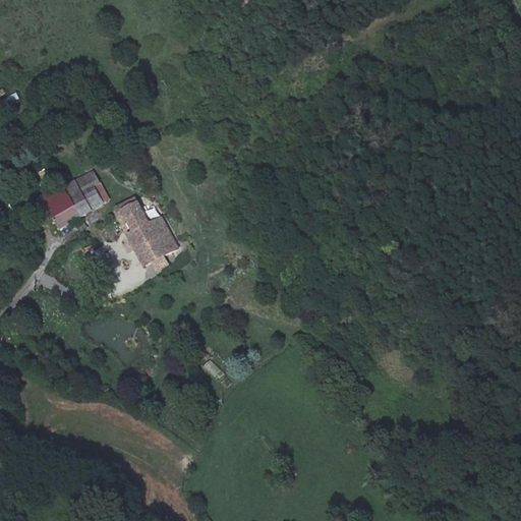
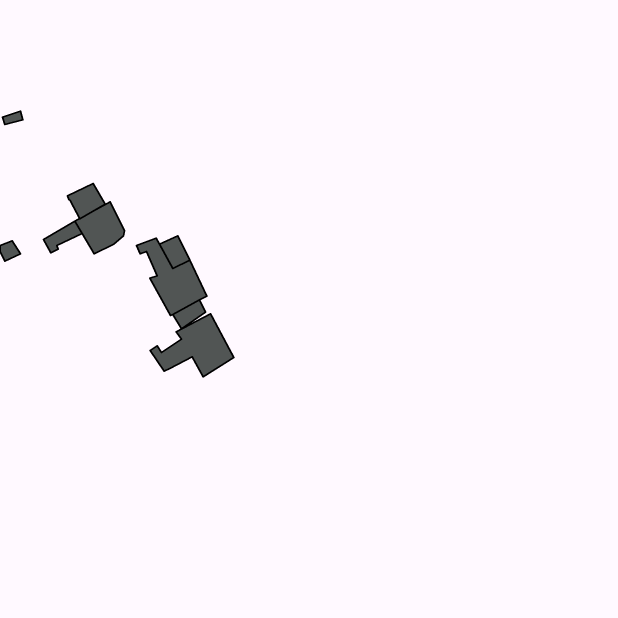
building: [48,196,79,226] -> [68,184,105,219]
building: none -> [150,314,234,377]

